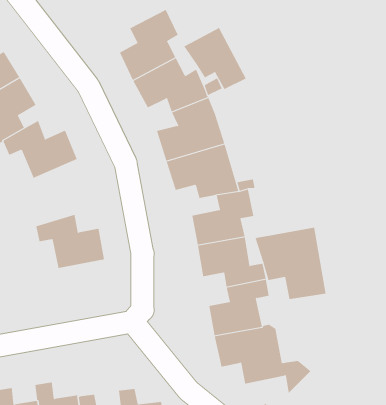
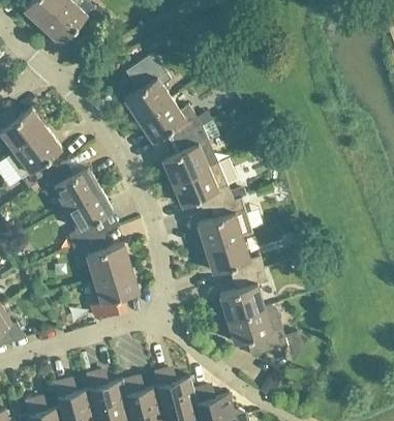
building: [184,27,246,90] -> none
building: none -> [66,189,113,247]
building: [255,227,326,300] -> none
building: none -> [91,268,140,318]

